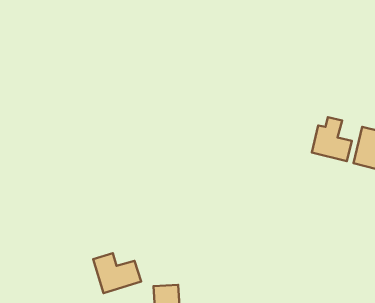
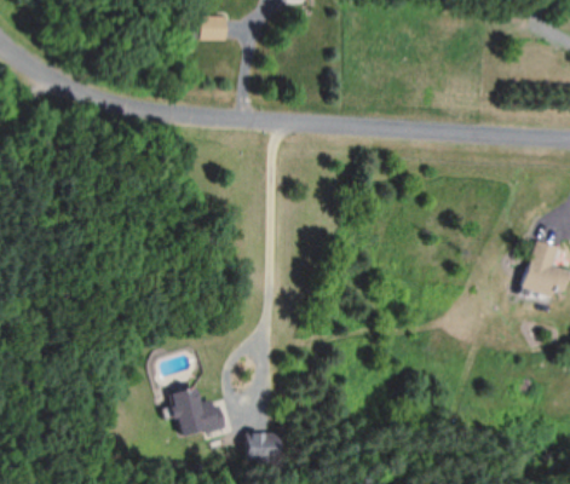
building: [312,117,352,161] -> none

